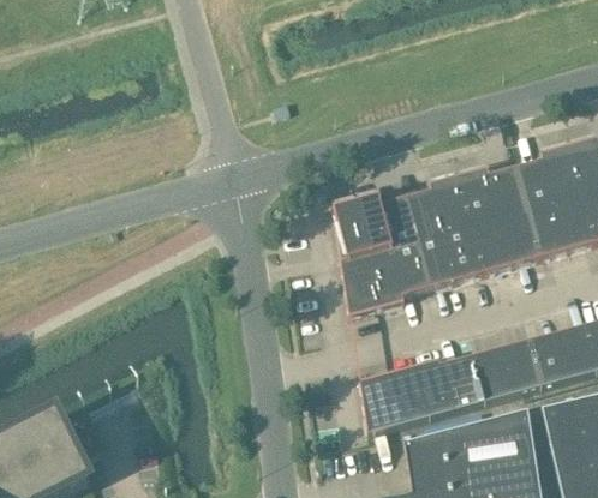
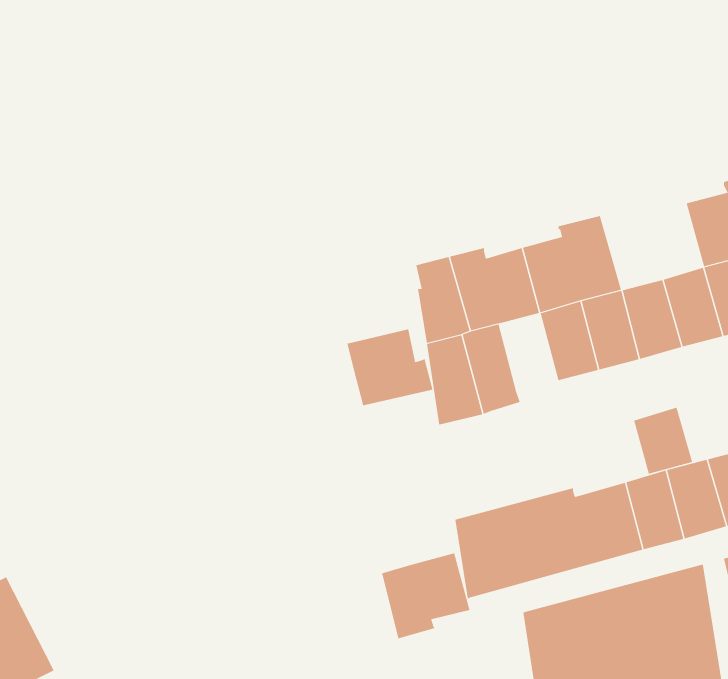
building: [460,166,530,224] -> none
building: [391,240,431,293] -> none
building: none -> [347,329,433,406]
building: none -> [633,407,693,475]
building: none -> [381,552,470,639]

